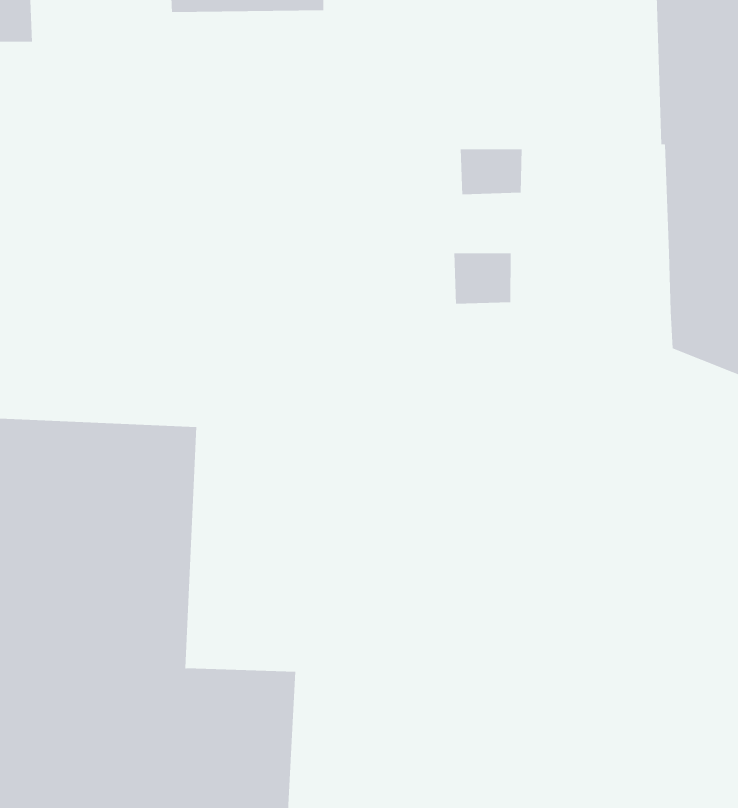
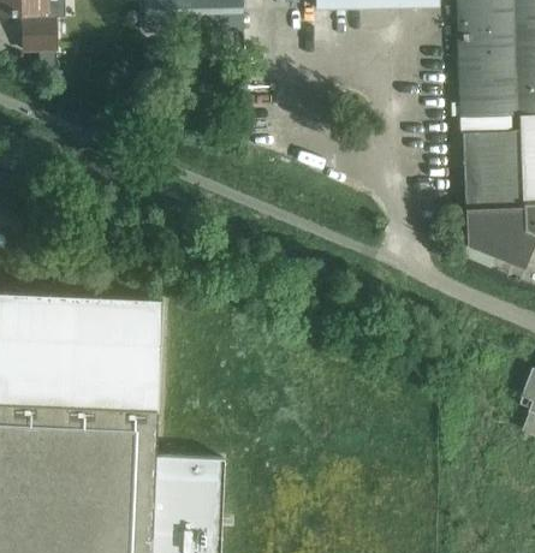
building: [460,148,522,195] -> none
building: [454,252,511,304] -> none

